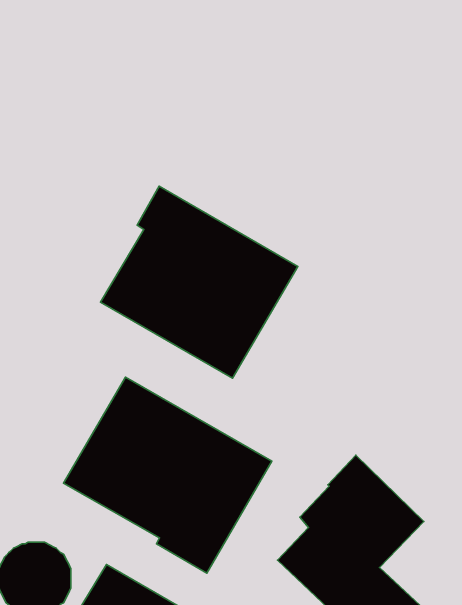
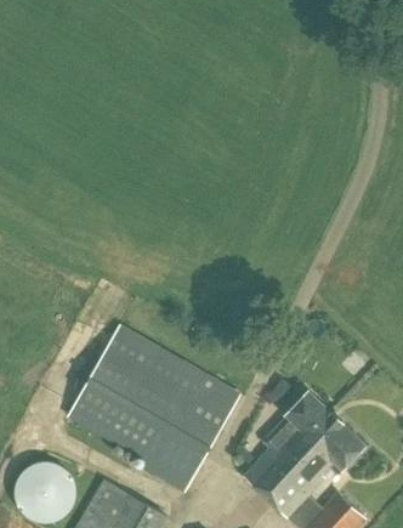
building: [101,186,298,378] -> none

